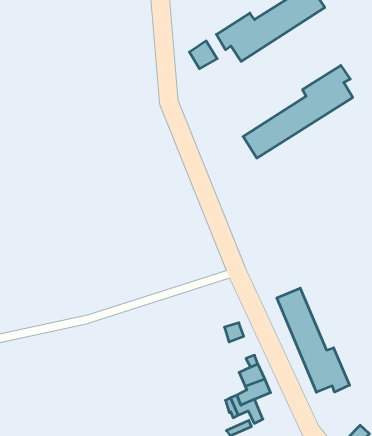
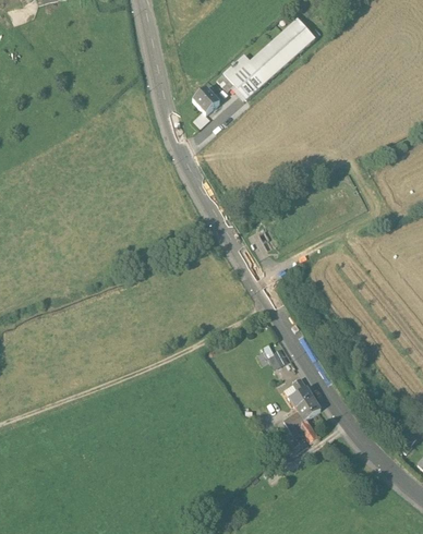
building: [243,65,353,158] -> none
building: [277,288,350,392] -> none

